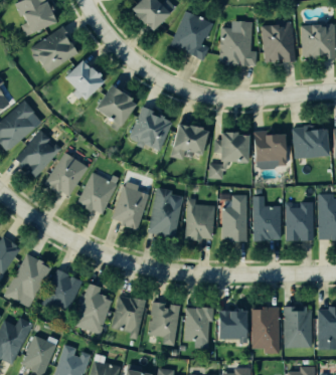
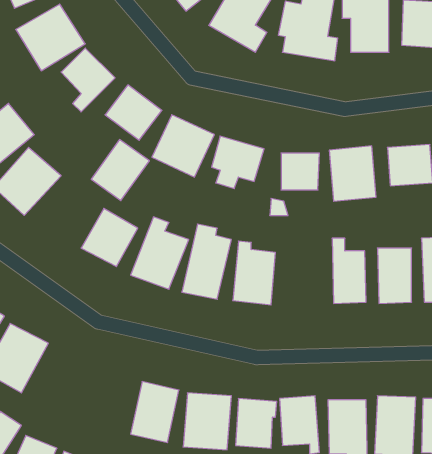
building: [47,154,89,197] -> [91,140,149,201]
building: [223,194,245,240] -> none
building: [47,272,82,310] -> none
building: [74,283,113,335] -> none

